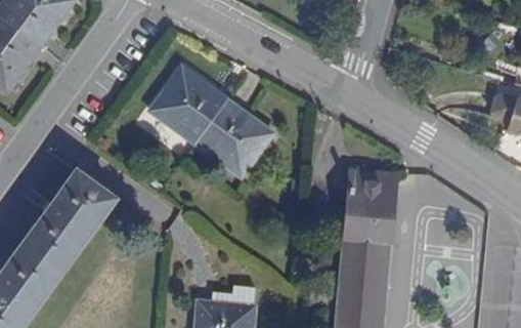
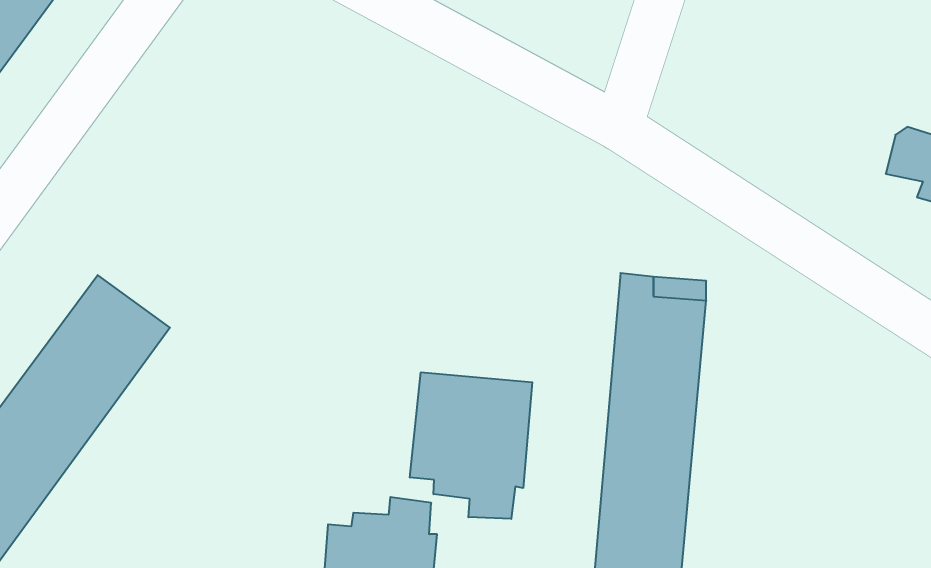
building: [150,66,271,175] -> none
building: none -> [410,372,532,519]

